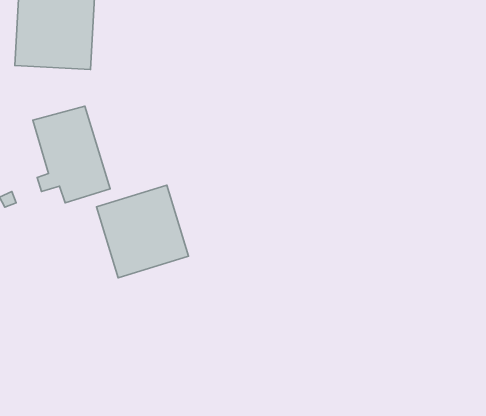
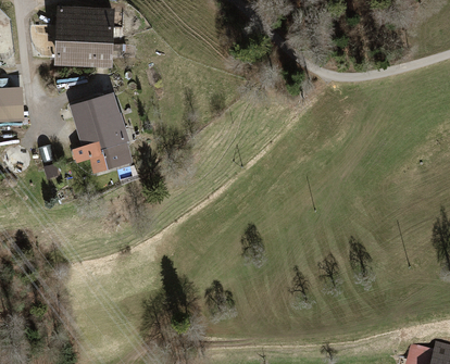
building: [96,185,188,278] -> none

